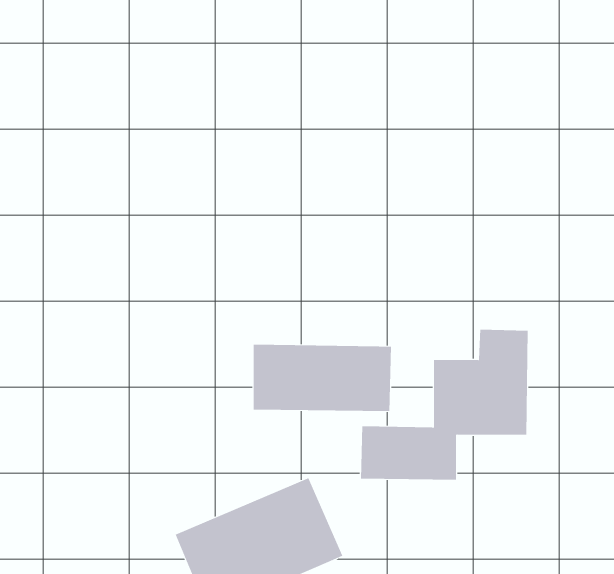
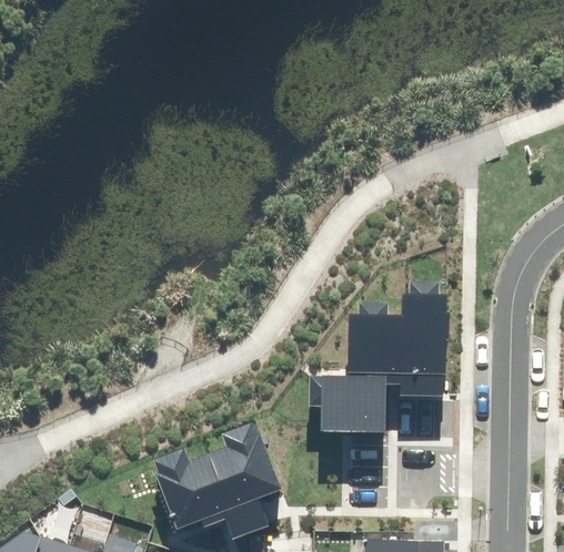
building: [253,344,391,412] -> none

